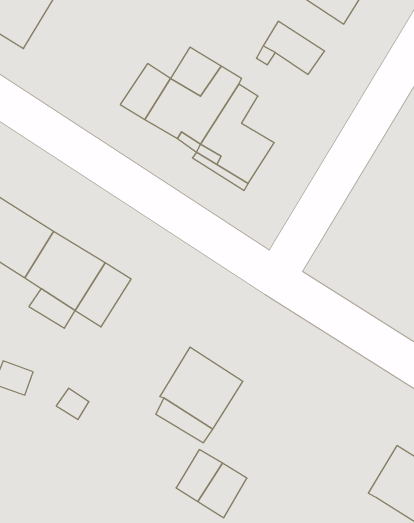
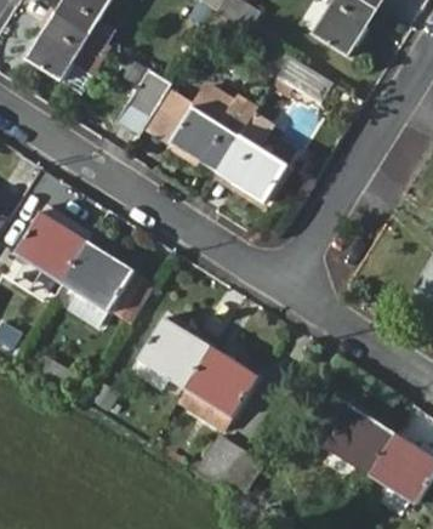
building: none -> [126,67,171,118]
building: none -> [137,315,211,388]
building: none -> [323,404,395,474]

